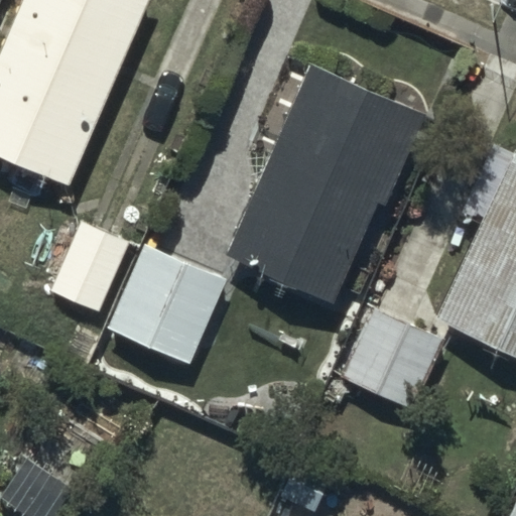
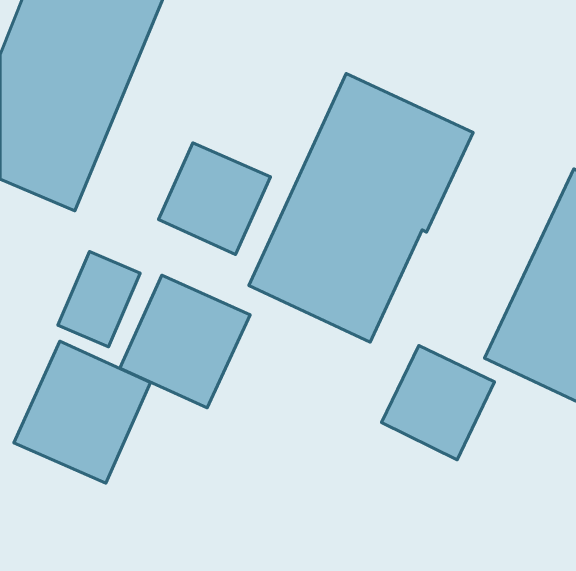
building: none -> [158,143,271,254]
building: none -> [14,341,151,483]

